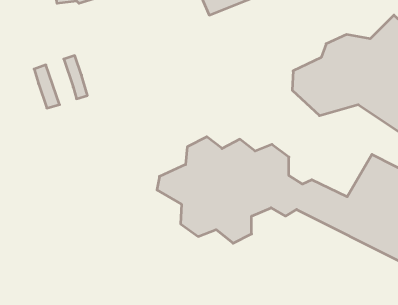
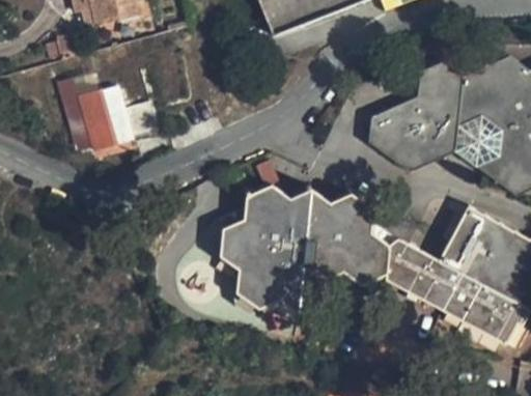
building: none -> [74,92,111,148]

